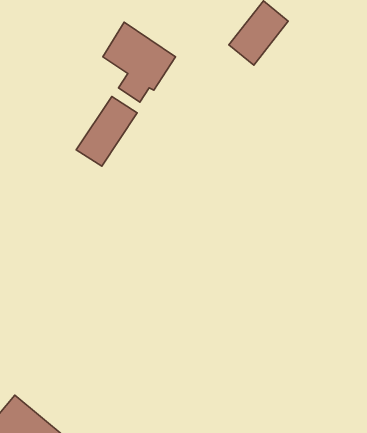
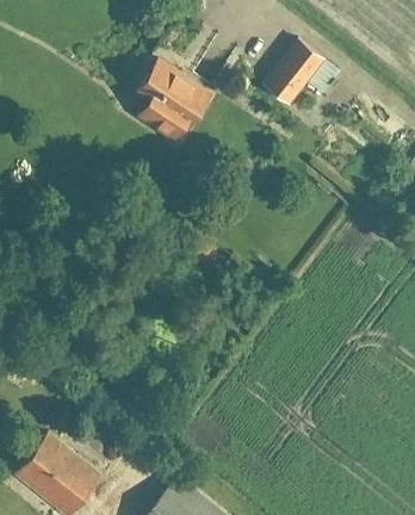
building: [76,96,137,166] -> none

